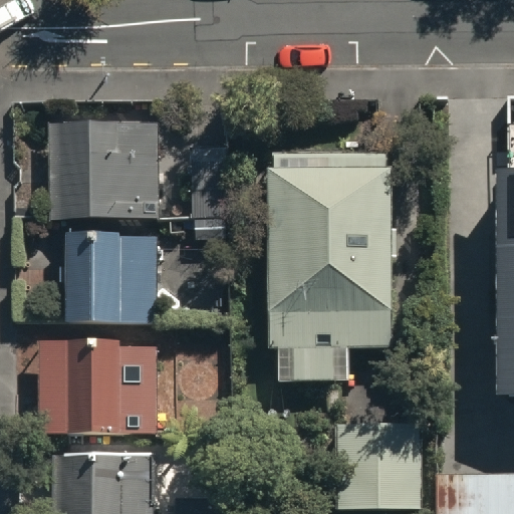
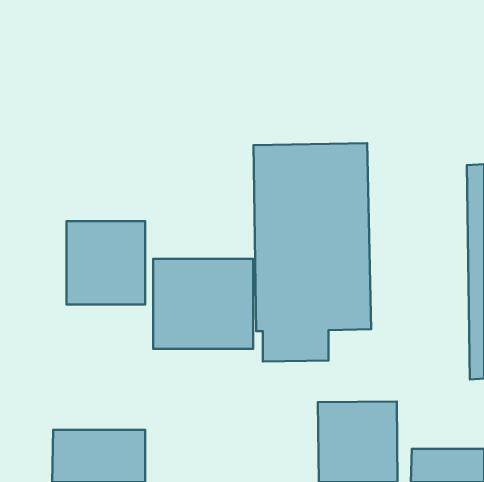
building: [50,117,154,220] -> none
building: none -> [153,259,253,349]
building: [41,340,152,439] -> none

